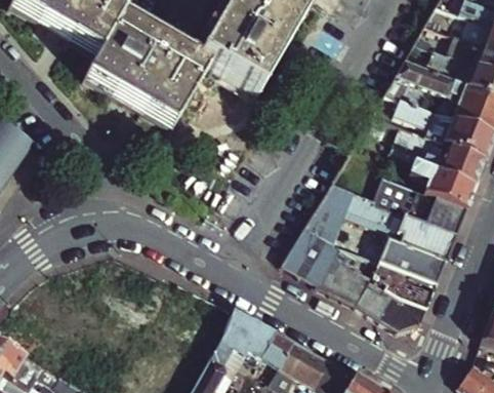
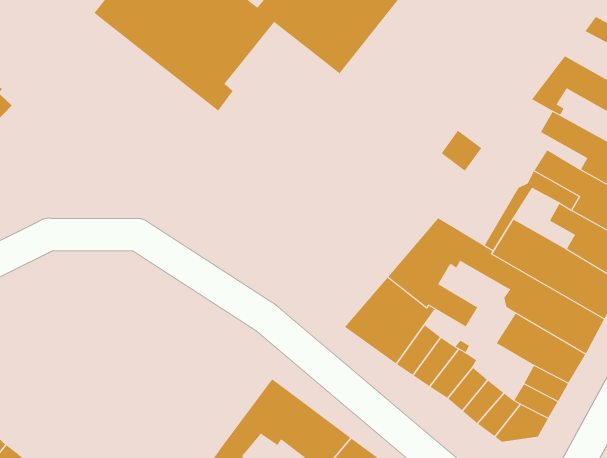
building: [371,264,412,302] -> none

